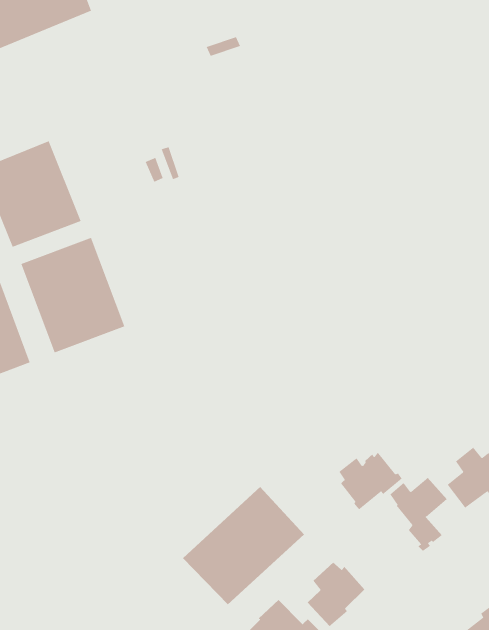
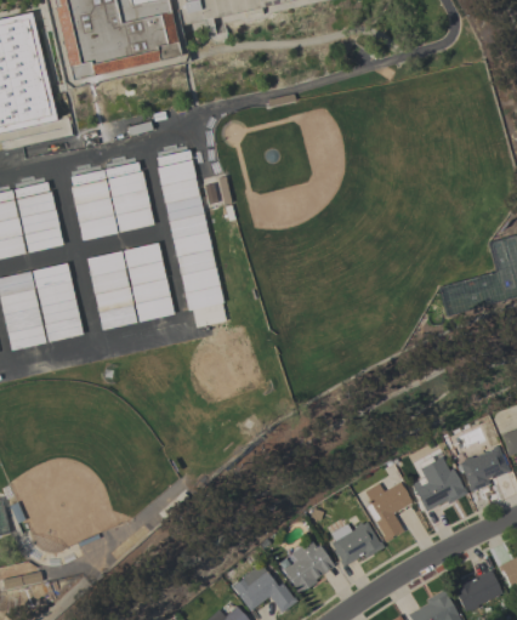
building: none -> [148,146,221,322]
building: [338,451,403,510] -> [333,521,385,567]
building: [182,486,305,605] -> none

